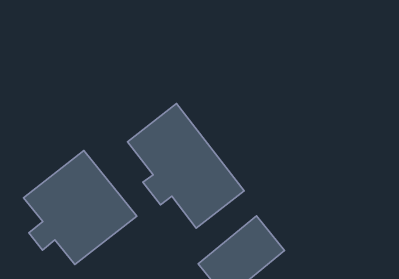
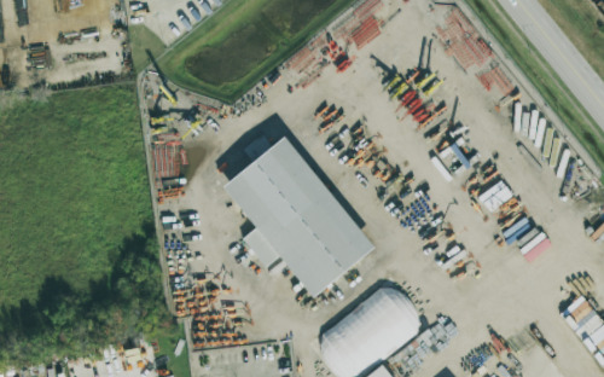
building: [23,151,137,265] -> none

